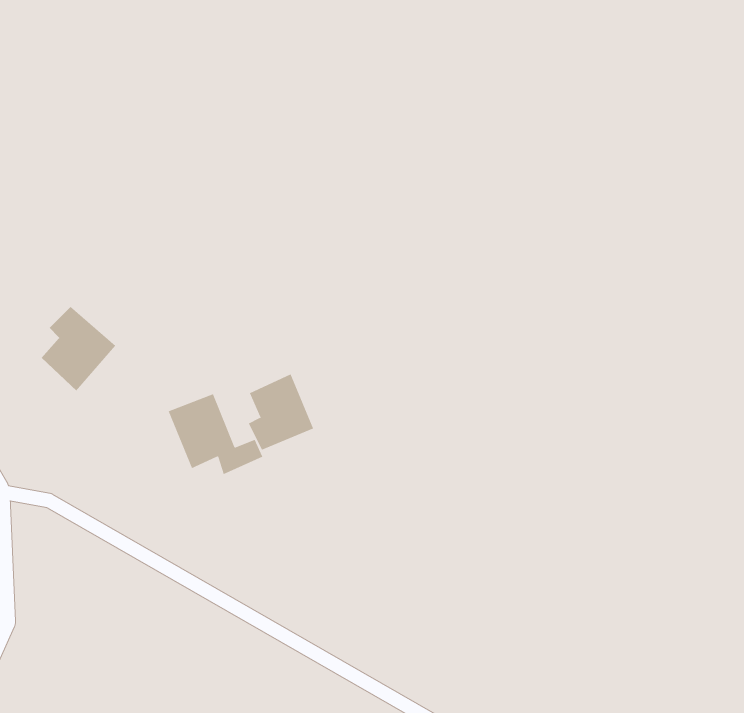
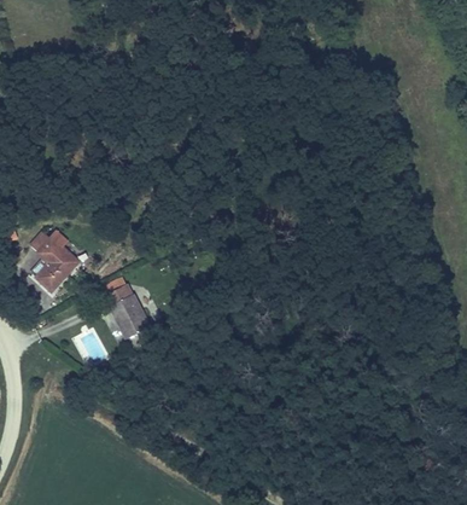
building: [248,374,314,450] -> none

